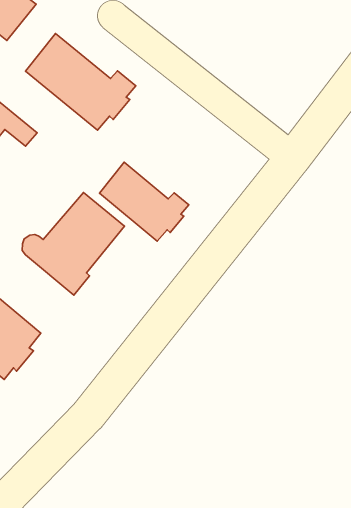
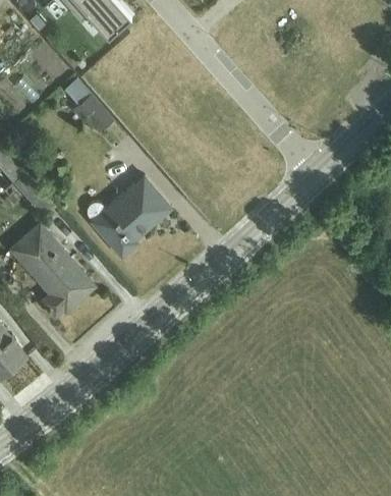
building: [26,33,136,130] -> none
building: [99,162,189,241] -> none

